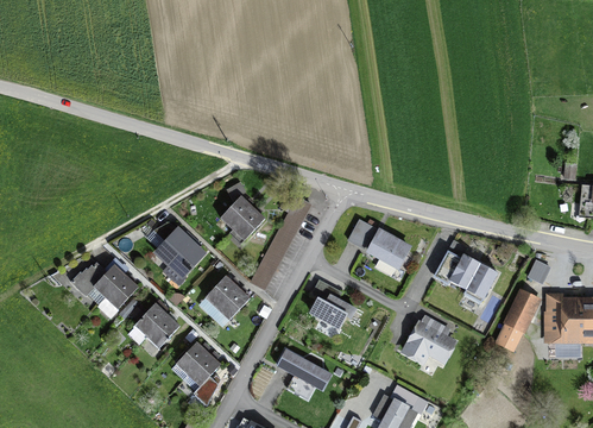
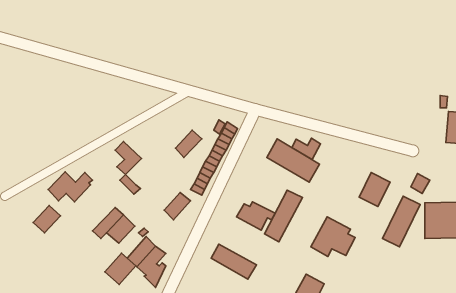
building: [219,194,253,228] -> none
building: none -> [292,138,321,159]
building: [169,241,202,275] -> none
building: [437,246,479,290] -> none
building: [204,272,238,307] -> none
building: [105,275,139,309] -> [33,205,60,233]
building: none -> [264,190,302,242]
building: none -> [105,253,136,285]

